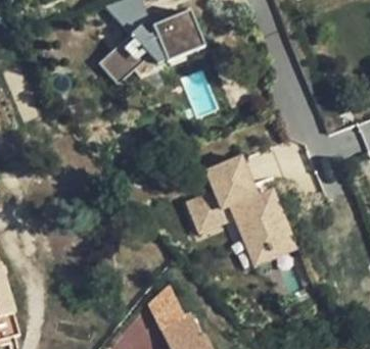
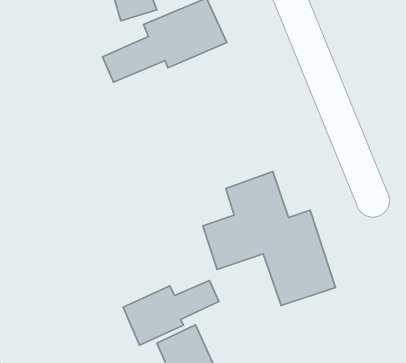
building: none -> [123,281,219,345]

